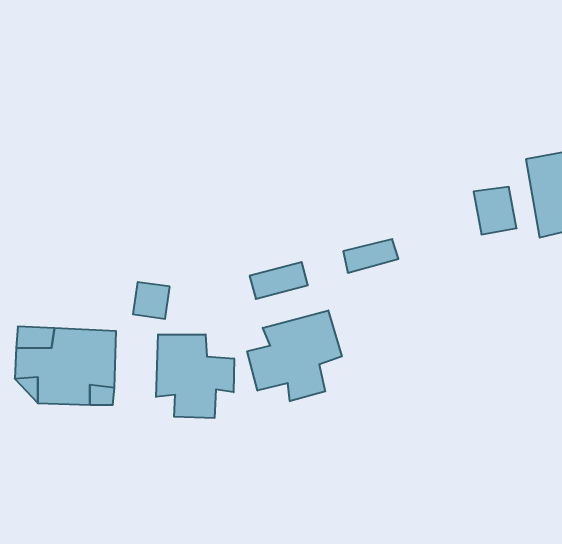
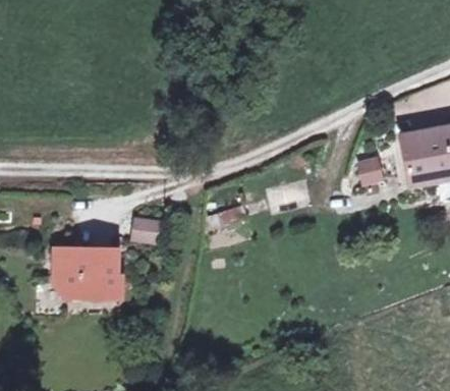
building: [247,310,342,401] -> none
building: [156,334,234,418] -> none

